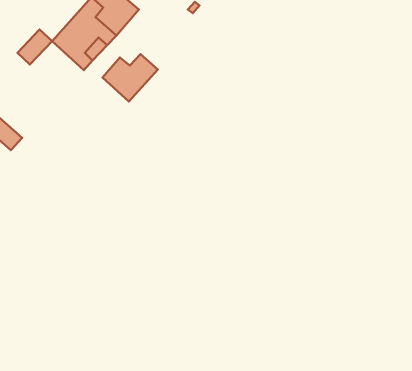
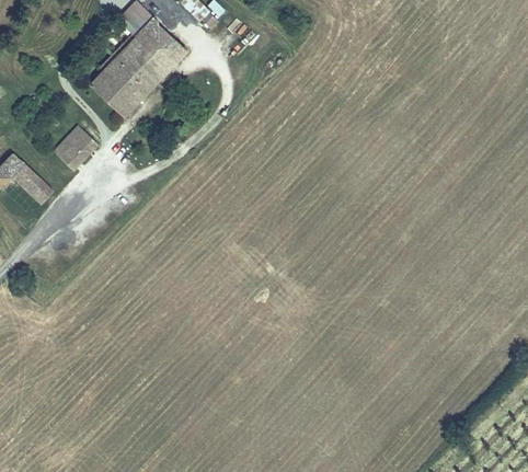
building: [17,30,52,64] -> [58,129,97,169]
building: [102,54,158,102] -> none

